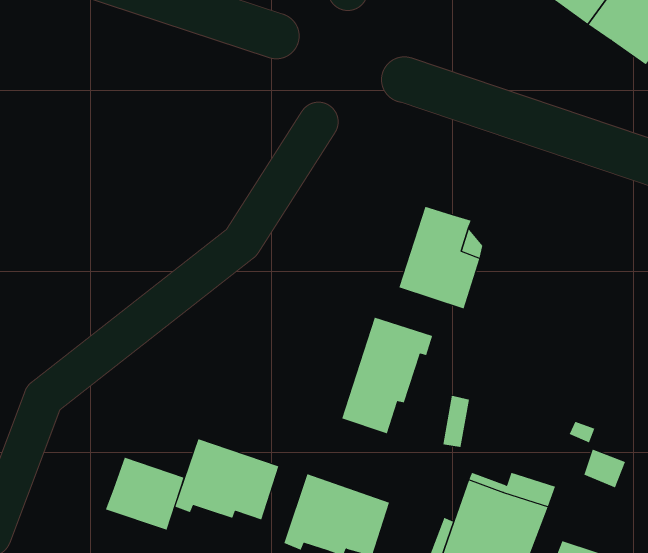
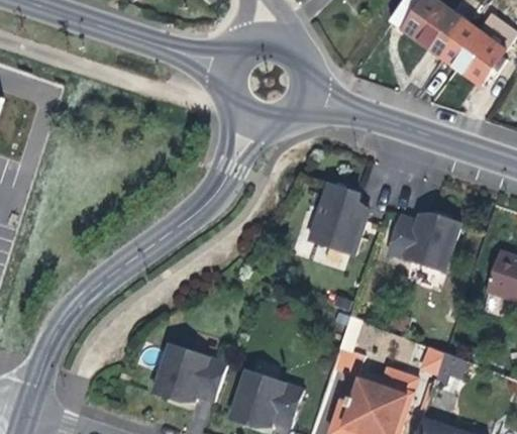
building: none -> [387,215,460,272]
building: [342,317,433,434] -> none
building: [105,457,184,531] -> none

